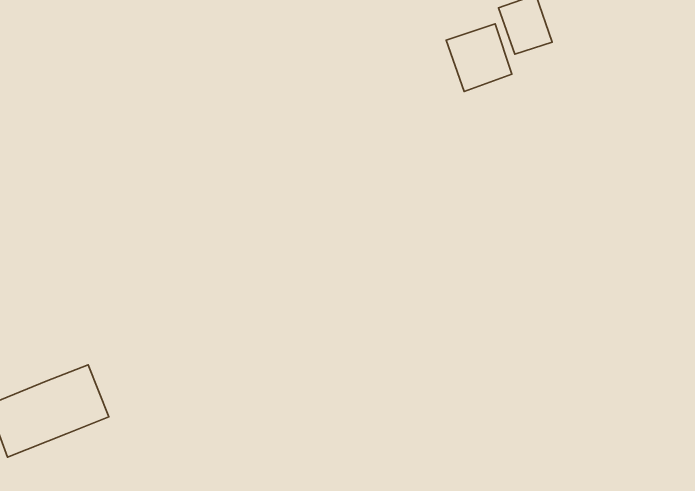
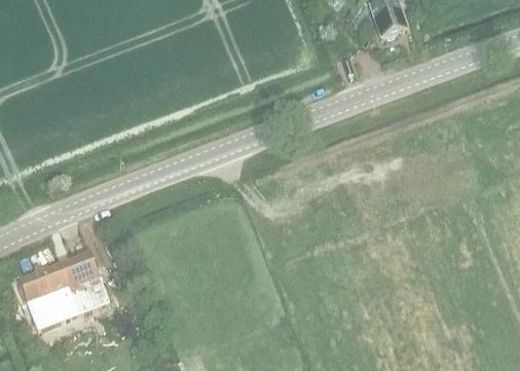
building: [446,24,512,92] -> none

